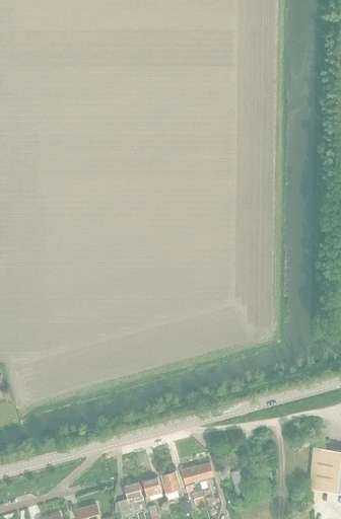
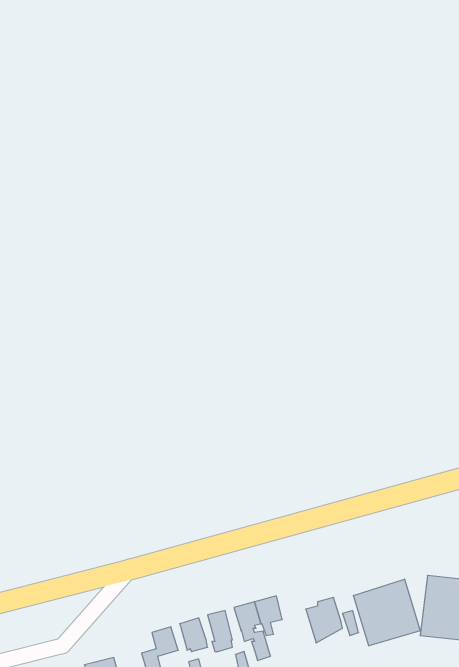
building: none -> [353,579,420,646]

